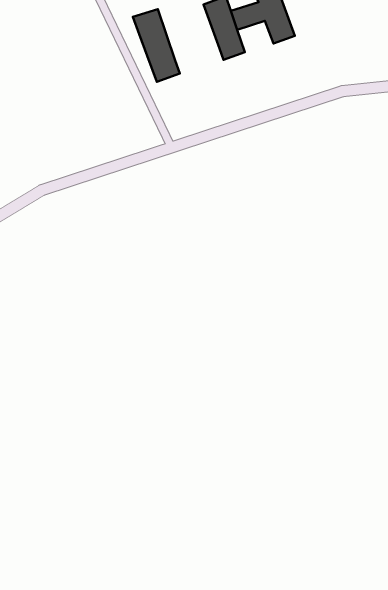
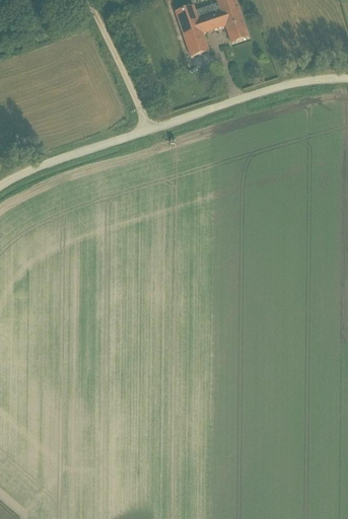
building: [133,9,180,82] -> none

